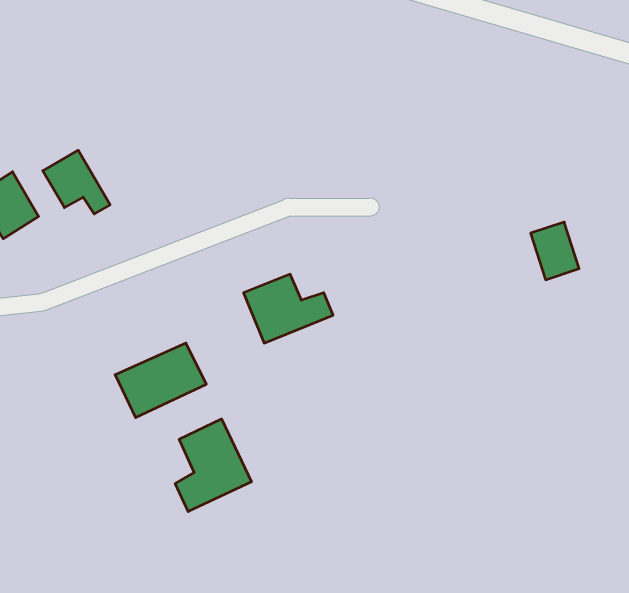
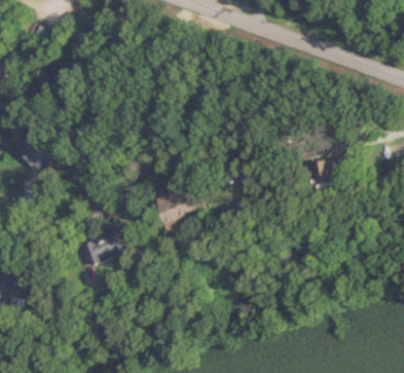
building: [43,150,110,214] -> none
building: [175,419,251,512] -> none

